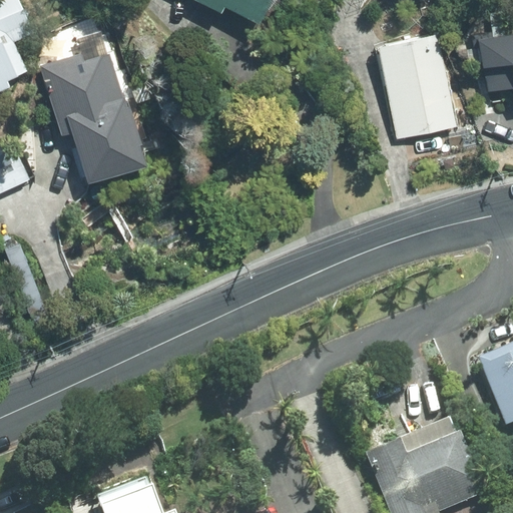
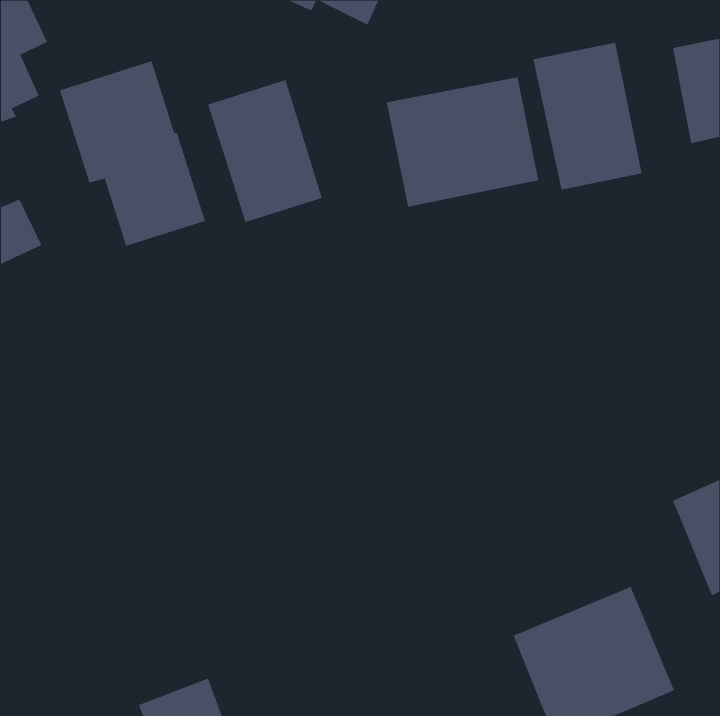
building: none -> [386,77,539,207]
building: none -> [208,79,322,223]

